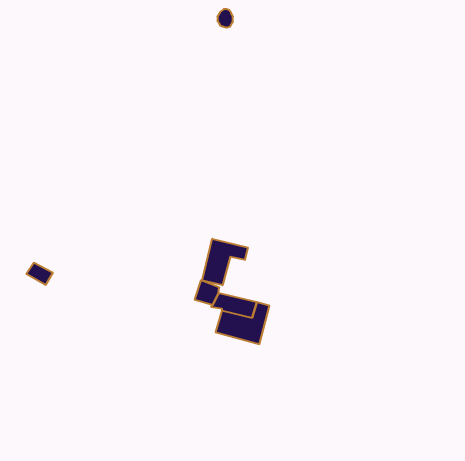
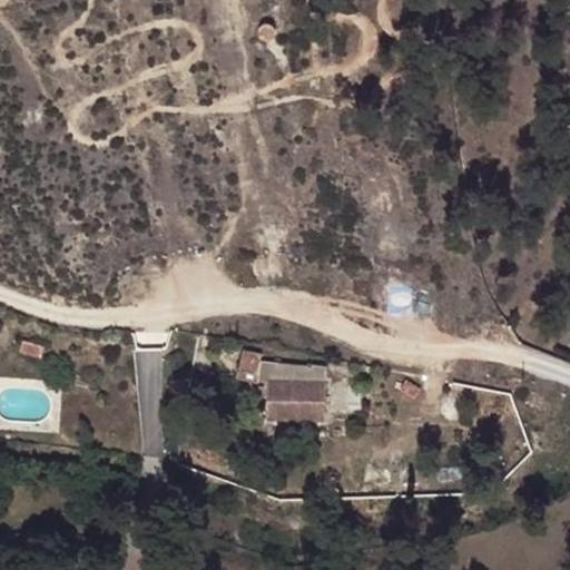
building: [202,239,248,285] -> none

